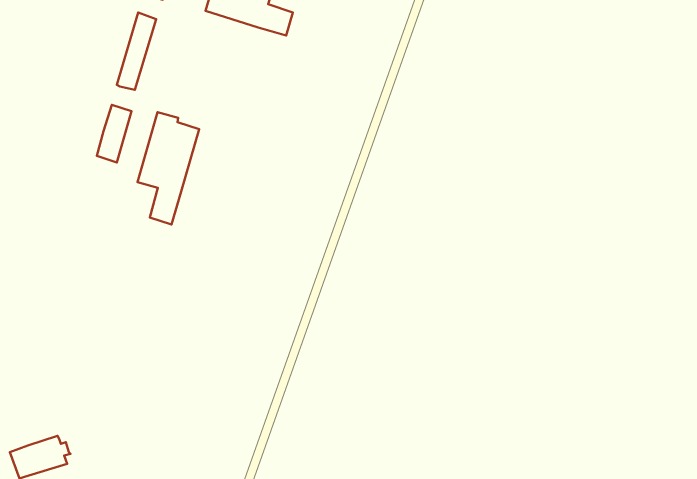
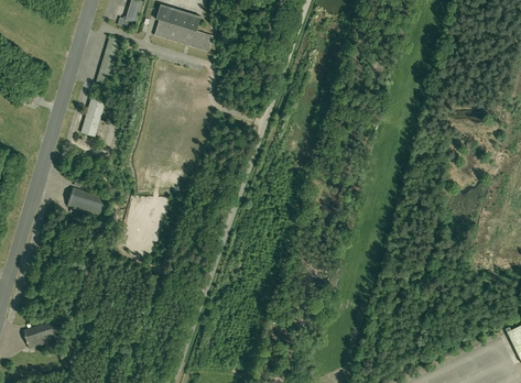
building: [137,112,199,224] -> none
building: none -> [67,186,107,215]

